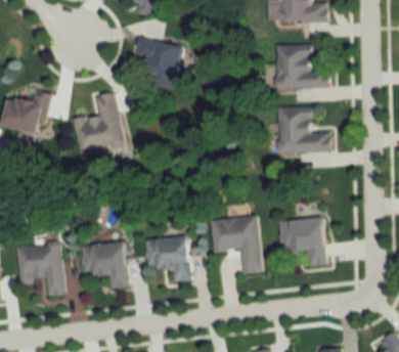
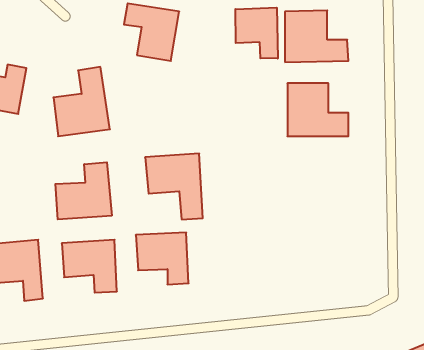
building: none -> [235,8,278,59]
building: none -> [55,162,112,219]
building: [211,216,261,273] -> [145,154,203,219]
building: [279,218,328,267] -> none

